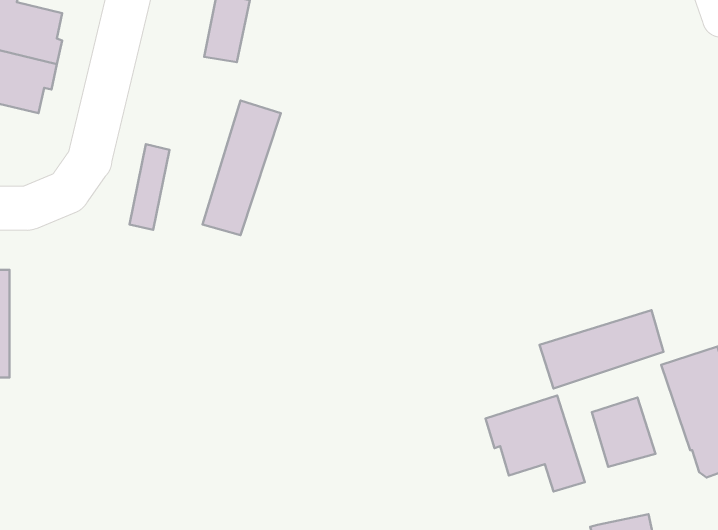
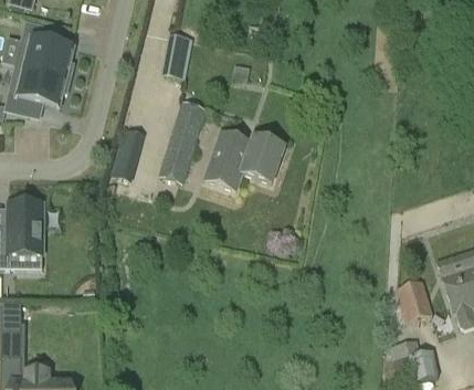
building: none -> [204,133,284,189]
building: [539,310,664,389] -> none
building: [485,396,585,492] -> none

